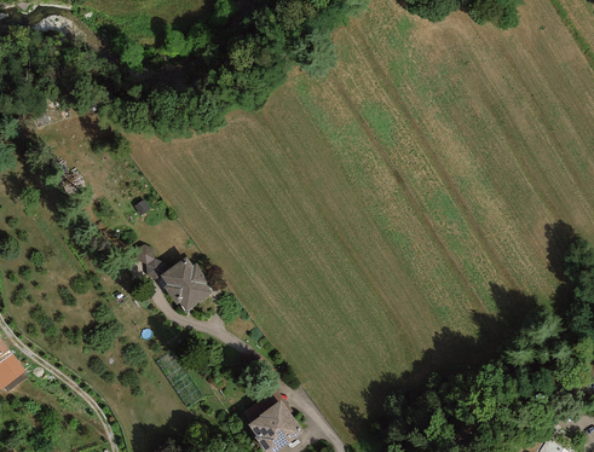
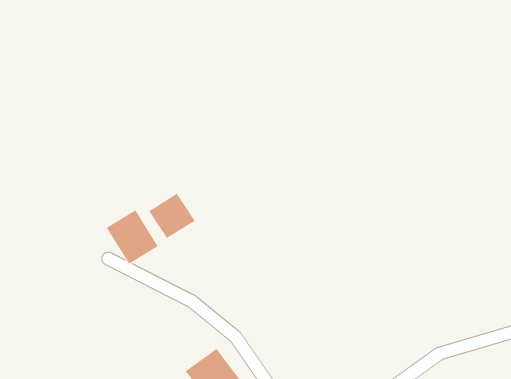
building: none -> [148,193,196,239]

